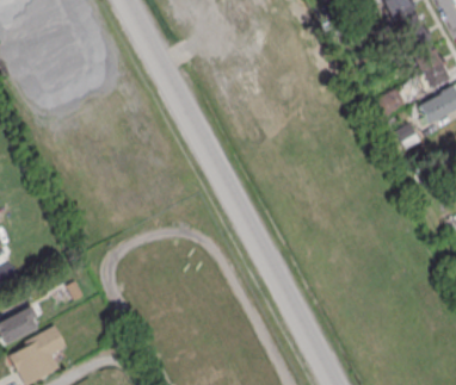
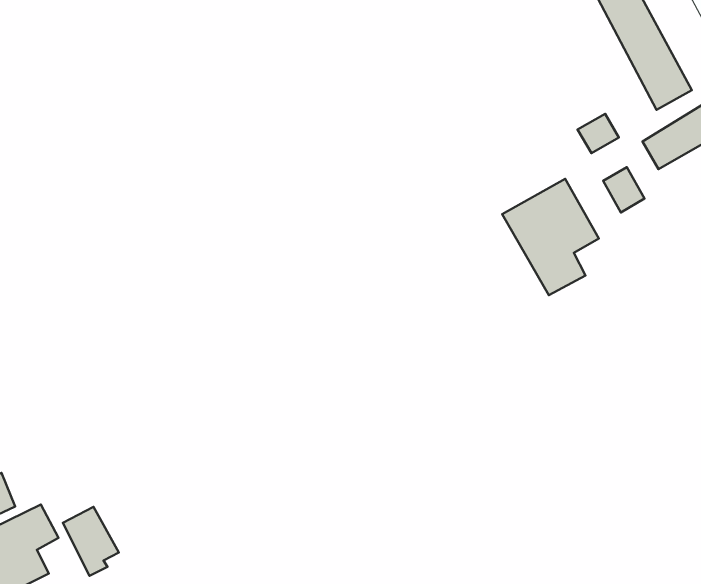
building: none -> [502,179,599,295]
building: none -> [63,507,119,576]

